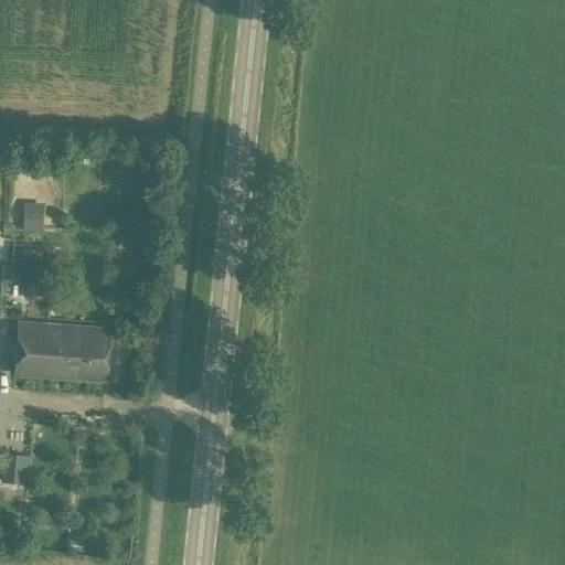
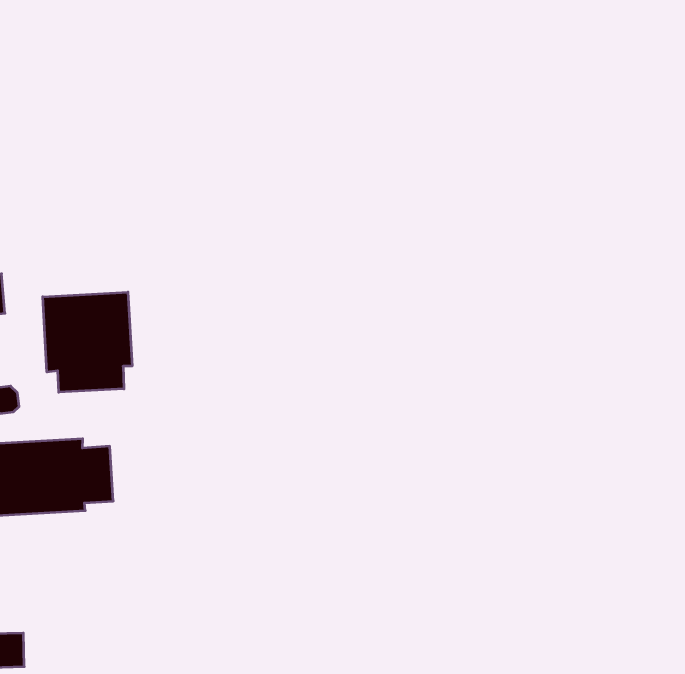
building: none -> [43,292,132,392]

